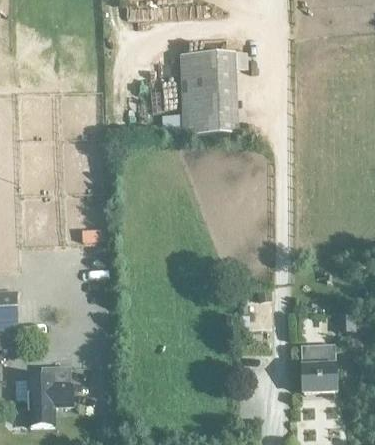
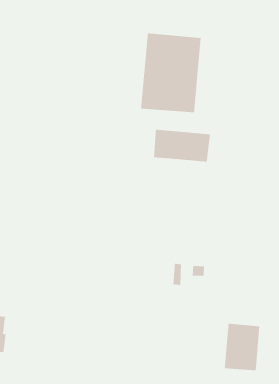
building: none -> [153,129,211,163]

